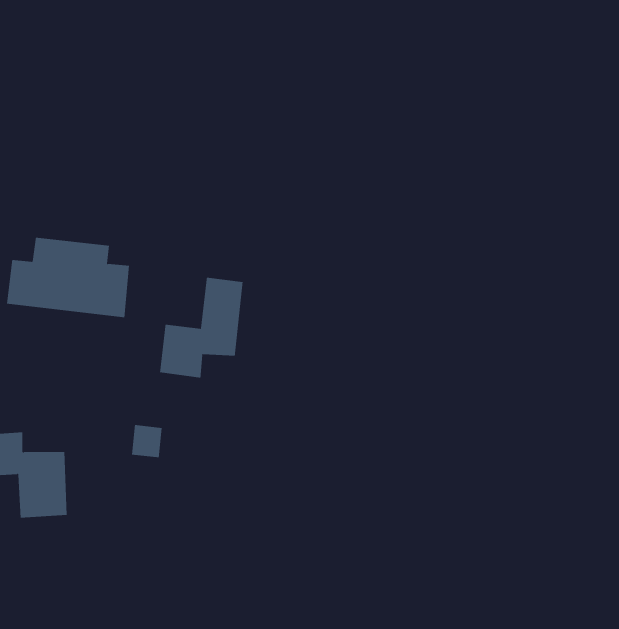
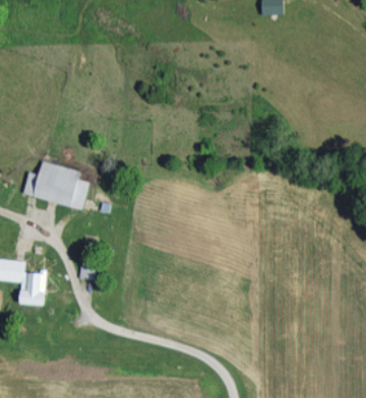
building: [159,277,243,378] -> none

